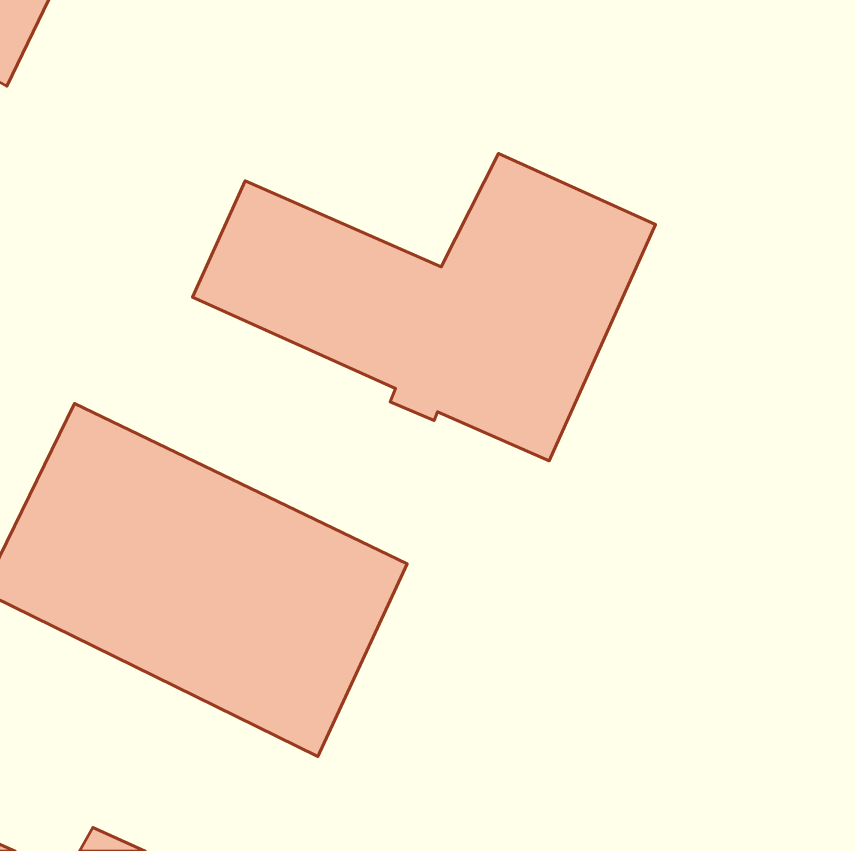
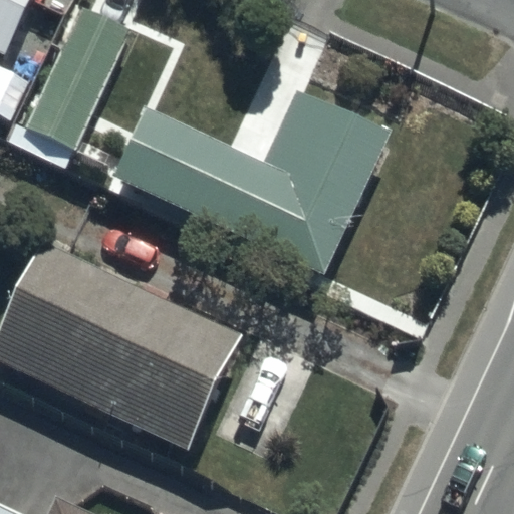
building: none -> [4,5,127,165]

